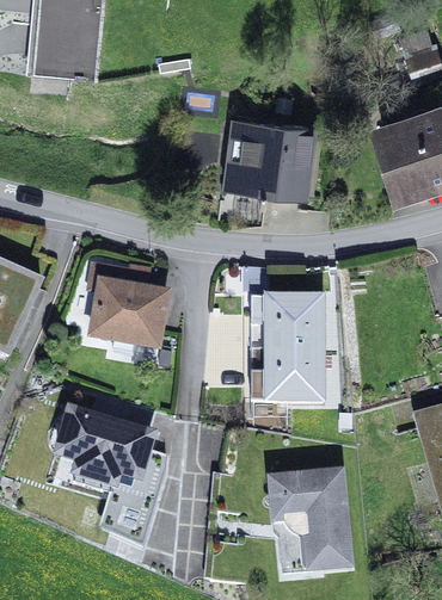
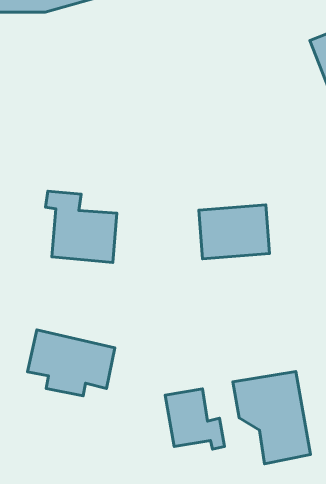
building: [231,117,307,196] -> none
building: [251,347,321,398] -> none
building: none -> [165,389,225,449]

